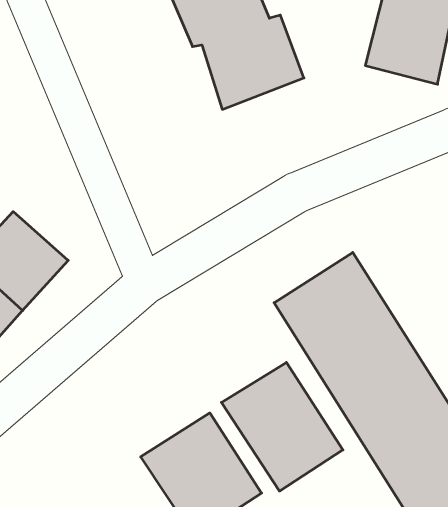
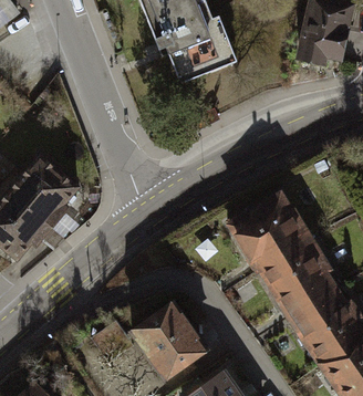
building: [221,362,343,491] -> none

